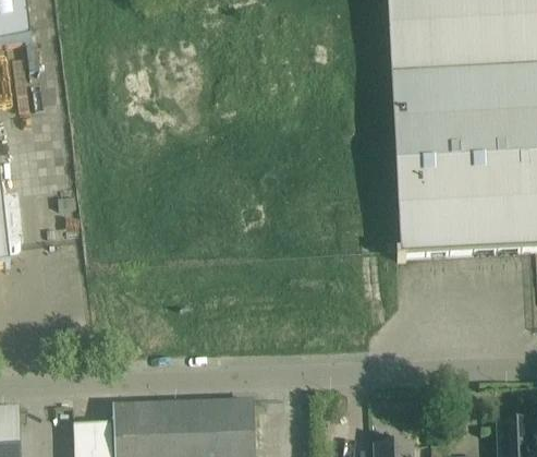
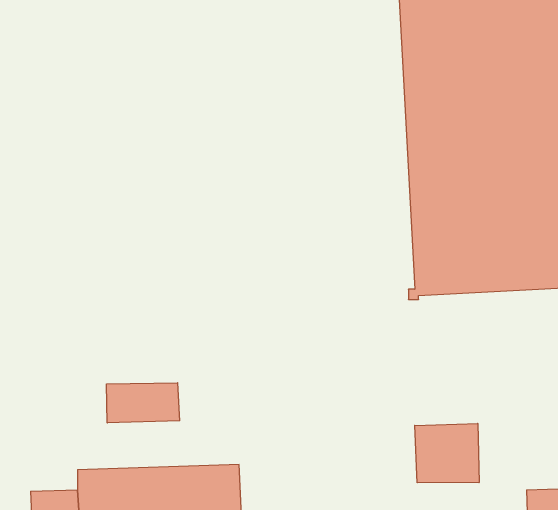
building: none -> [107,383,180,423]
building: none -> [415,423,479,483]

